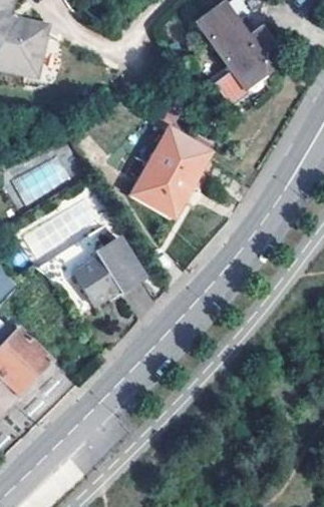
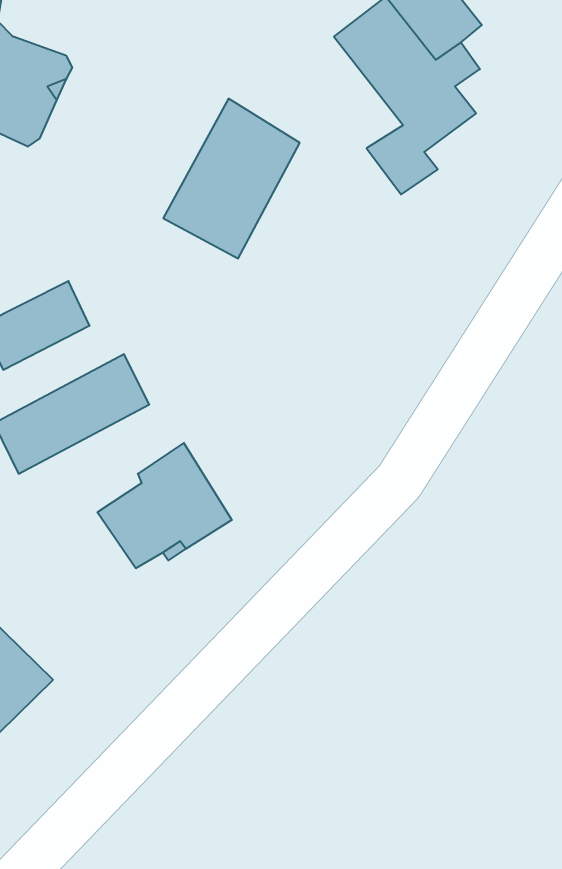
building: [137,132,209,215] -> [163,99,300,258]

